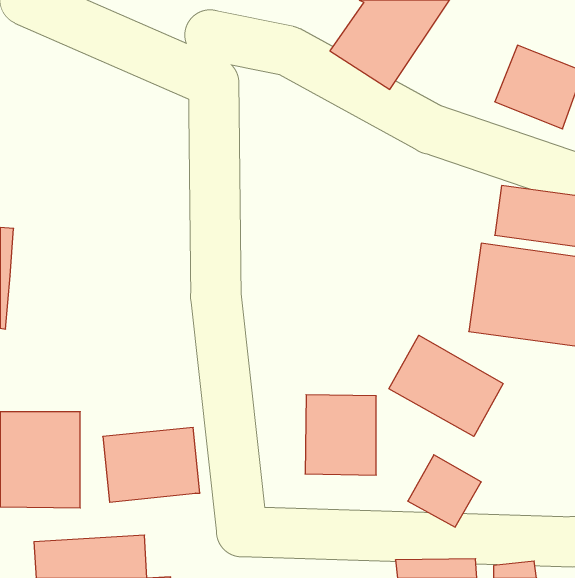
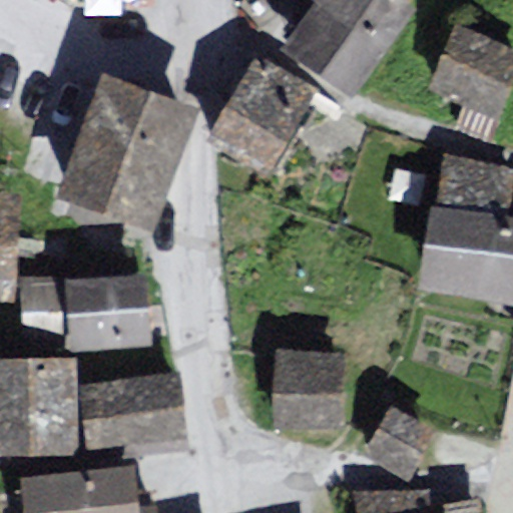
building: none -> [218,66,310,164]
building: none -> [70,82,184,215]
building: none -> [31,279,148,344]
building: [389,335,503,436] -> none

